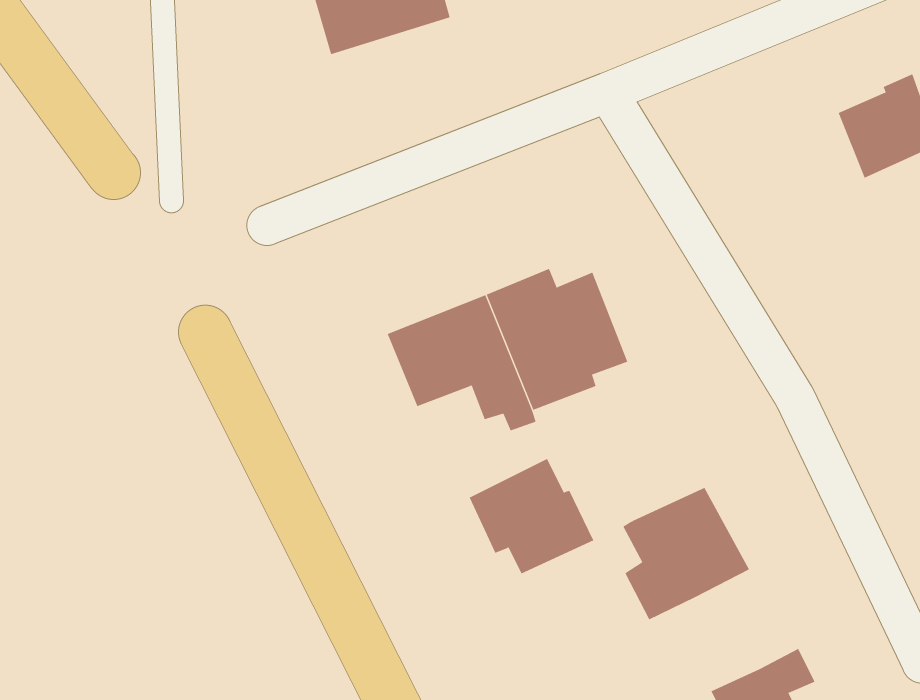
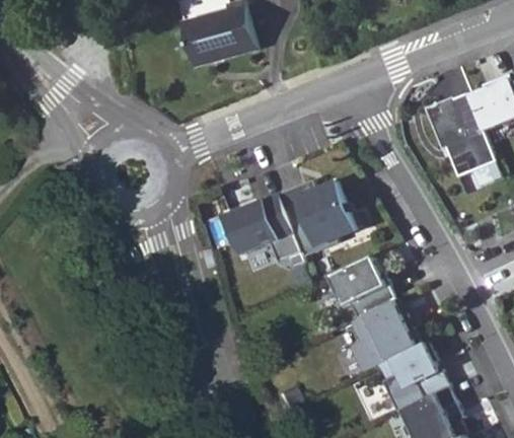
building: none -> [423,94,493,177]
building: [469,458,594,574] -> [326,254,394,317]
building: none -> [389,342,445,397]

